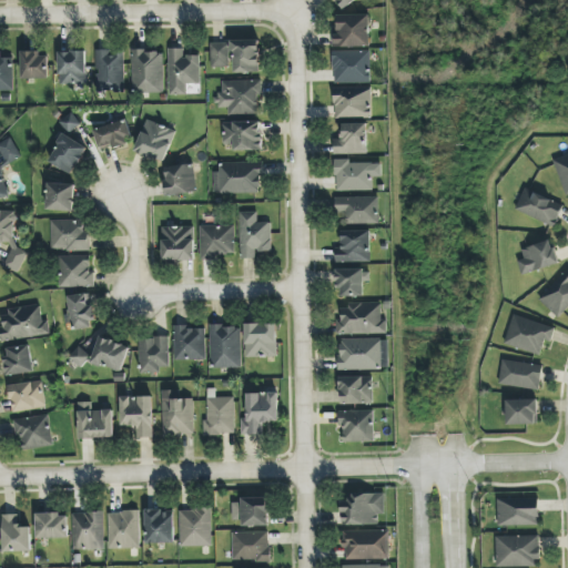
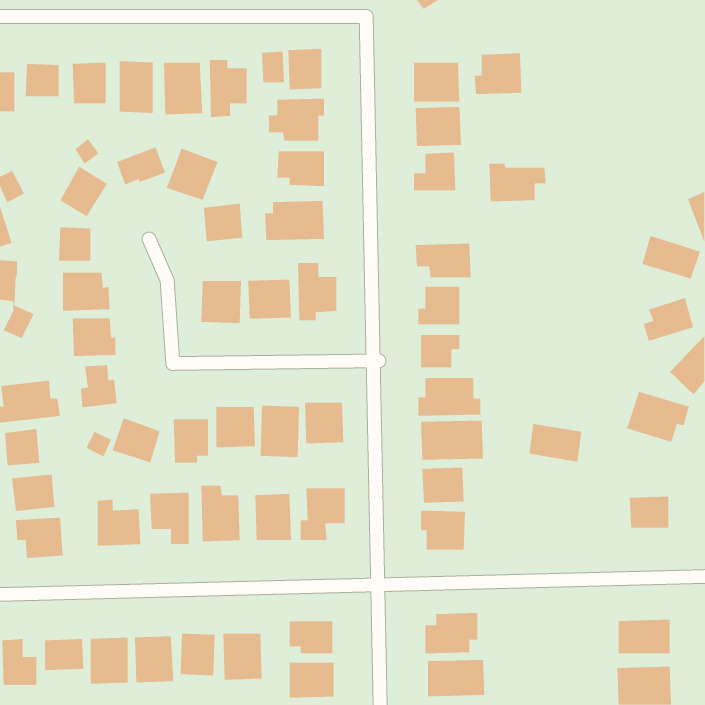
building: [331,13,369,47] -> [474,53,522,94]
building: [334,159,381,190] -> [488,163,546,202]
building: [498,358,541,389] -> [528,423,582,462]

